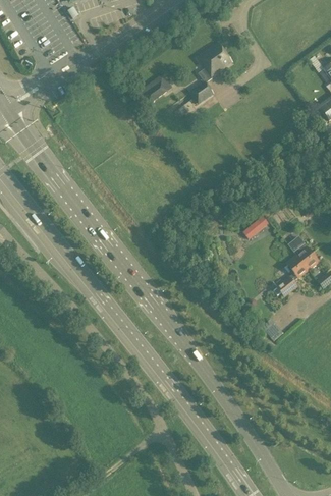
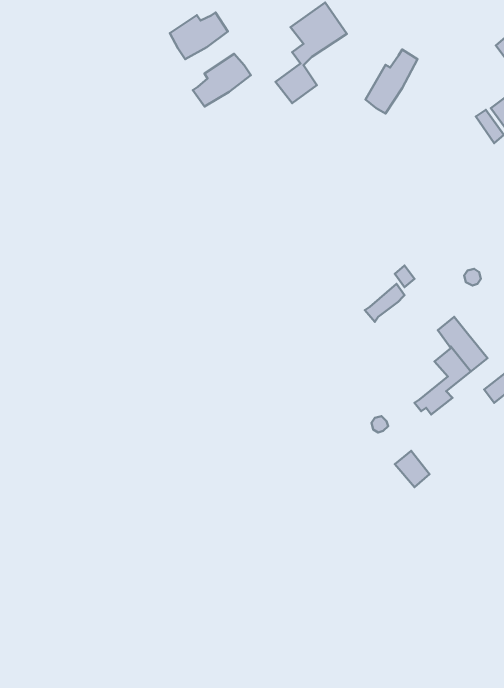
building: none -> [170,12,228,59]
building: none -> [365,50,418,114]

